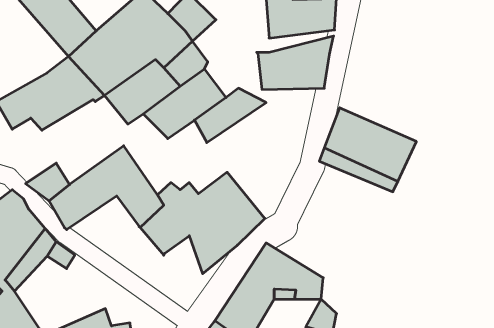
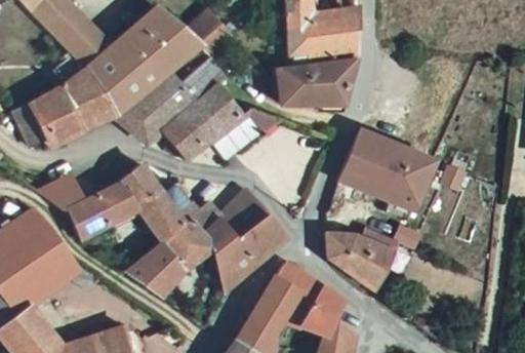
building: none -> [324,208,399,287]
building: none -> [124,244,181,302]

